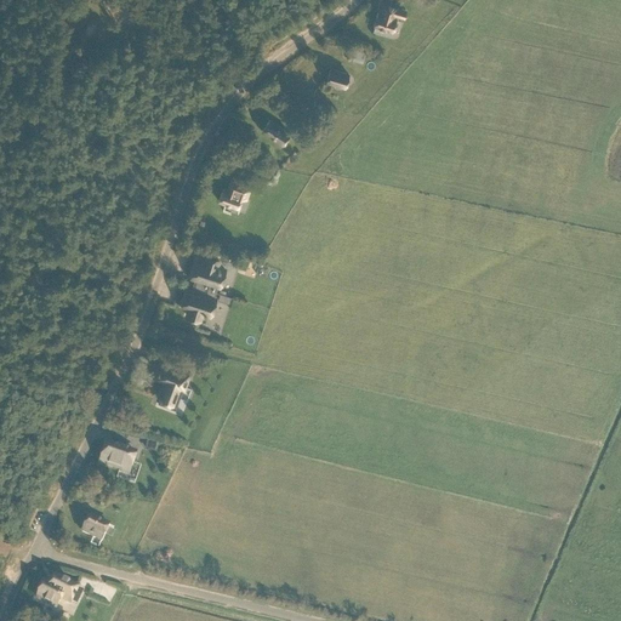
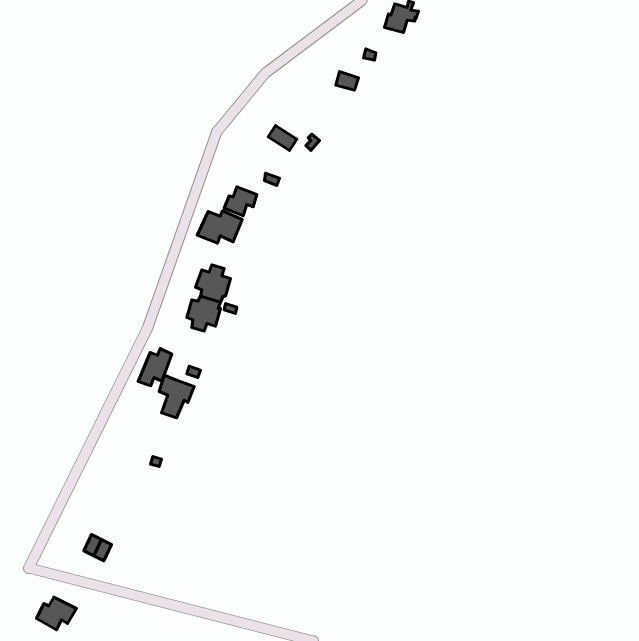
building: none -> [197,211,242,243]
building: none -> [138,349,172,386]
building: [98,444,133,473] -> none

